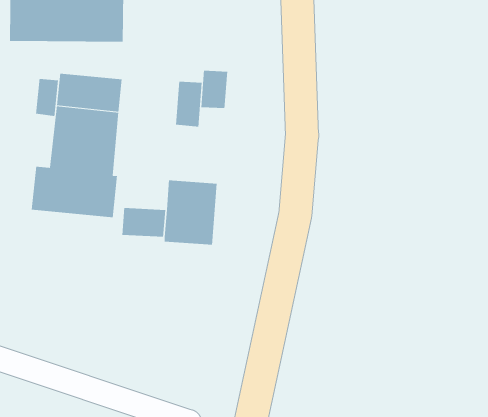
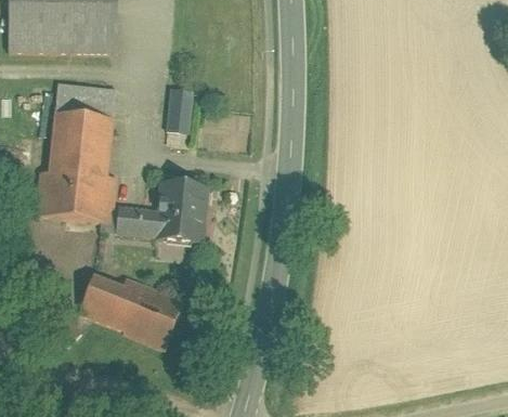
building: [201,70,228,109] -> none
building: [35,78,59,117] -> none
building: none -> [79,274,186,348]

